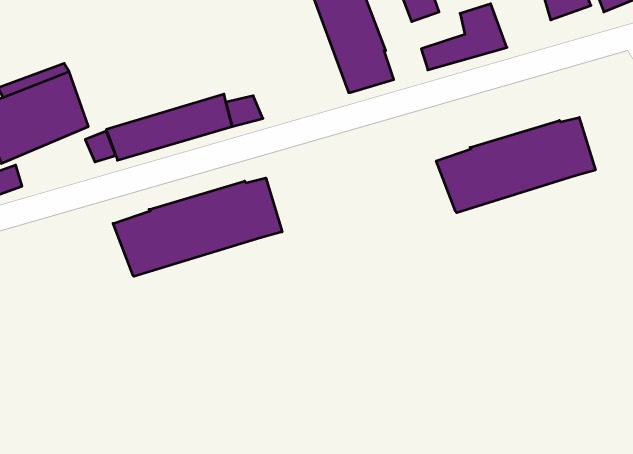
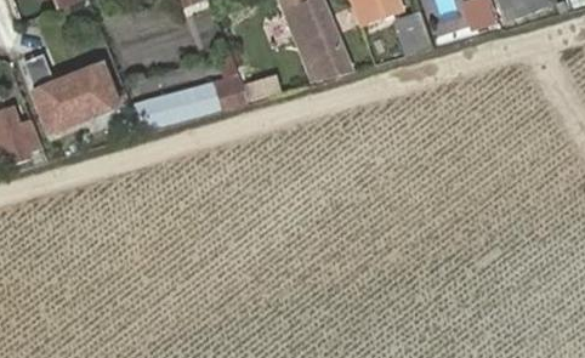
building: [436,117,595,213] -> none
building: [113,178,282,276] -> none

